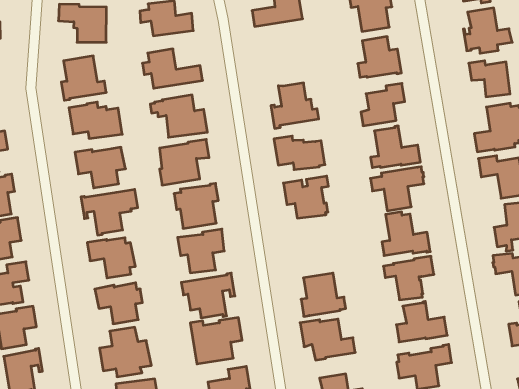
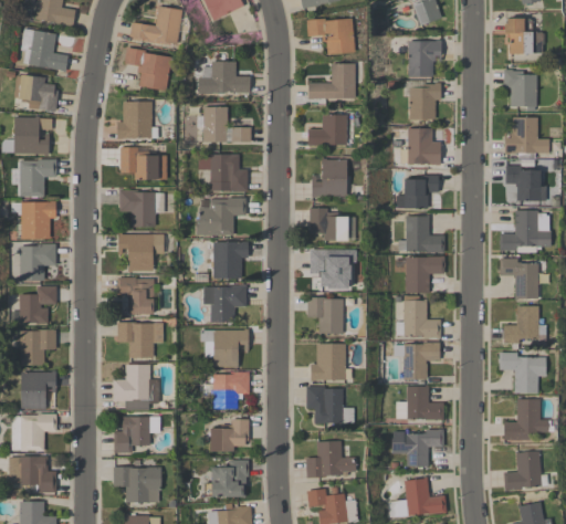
building: none -> [307,114,346,146]
building: none -> [307,297,343,334]

